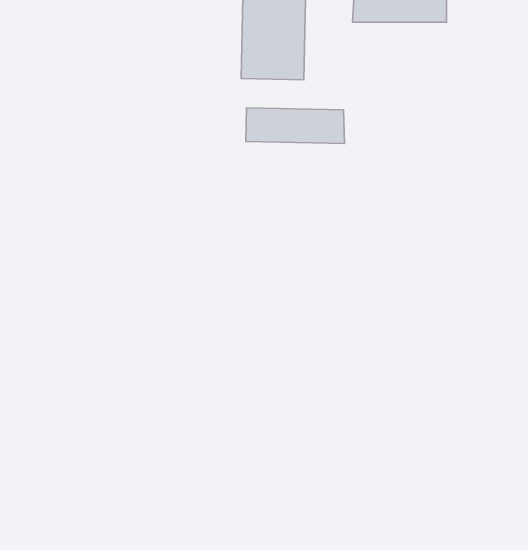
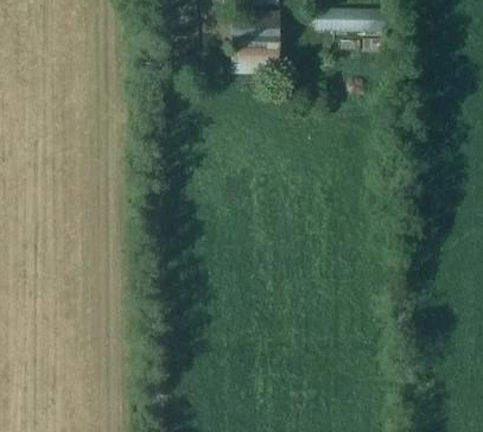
building: [246,108,345,143] -> none

